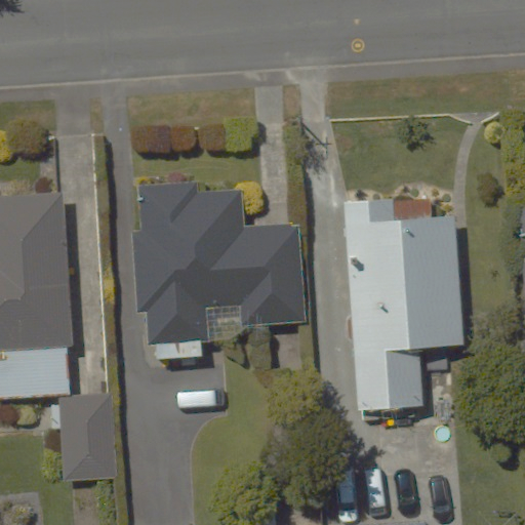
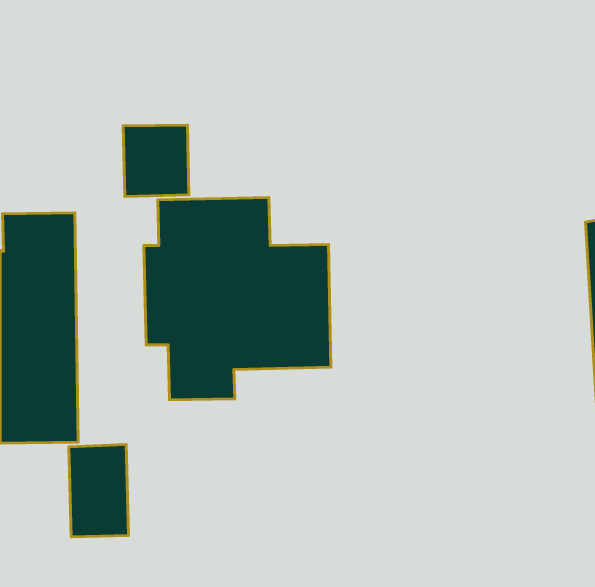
building: none -> [123,125,189,197]
building: [341,198,465,406] -> none

